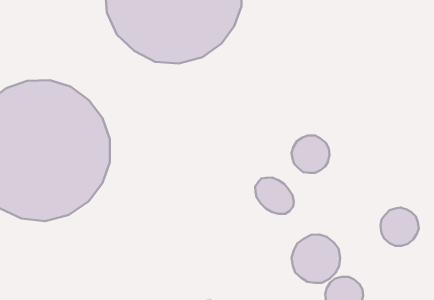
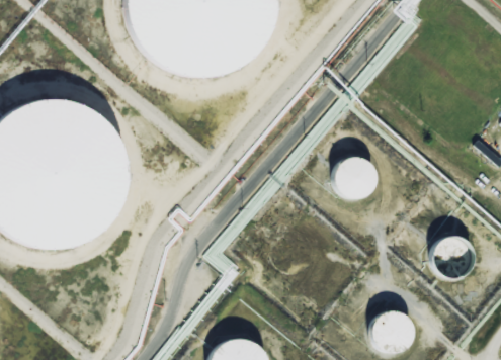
building: [255,178,294,214] -> none
building: [291,235,340,283] -> none

